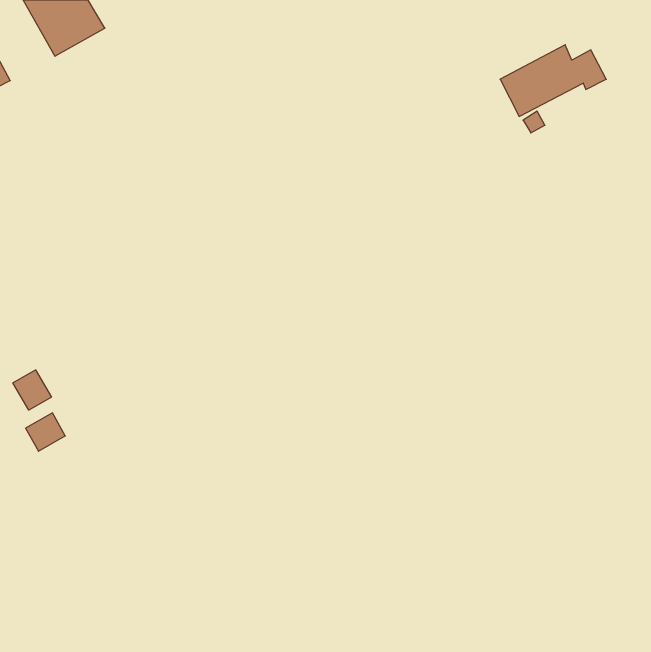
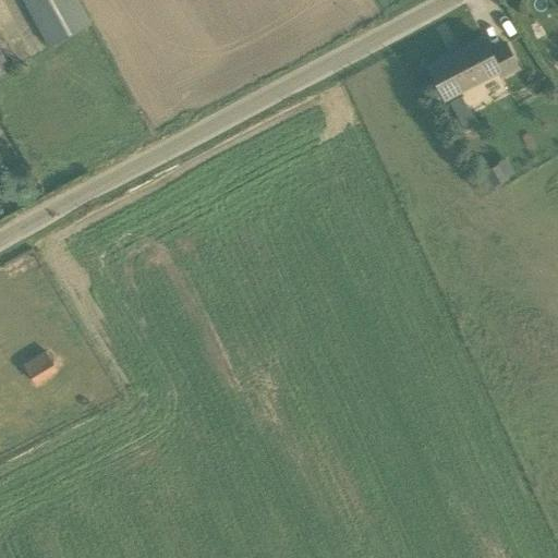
building: [13,370,51,410] -> none

